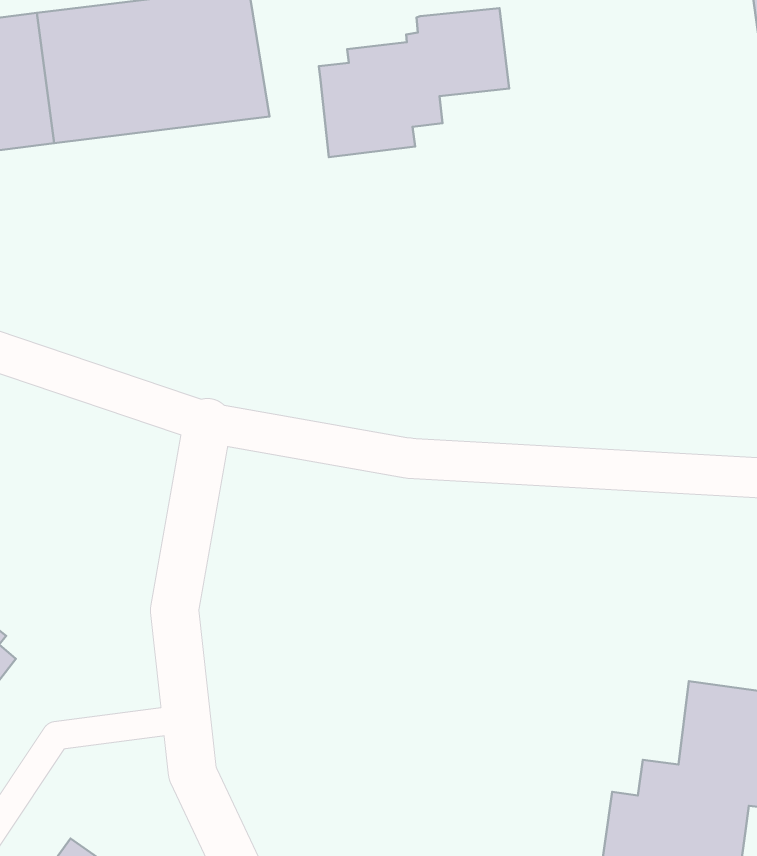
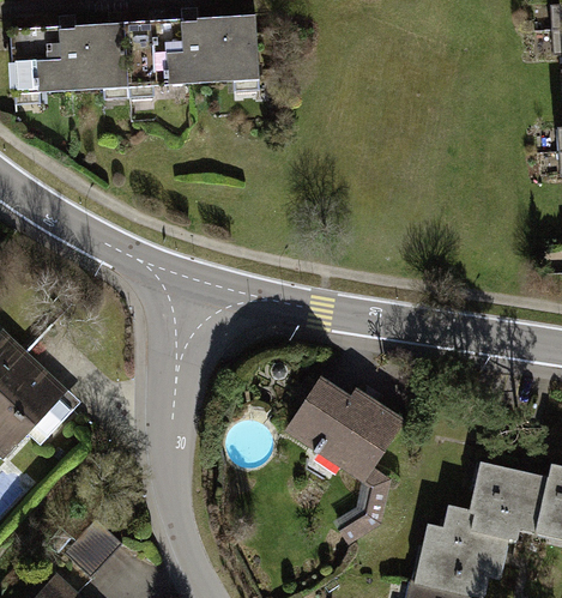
building: [319,8,509,157] -> none
building: none -> [286,370,405,546]

